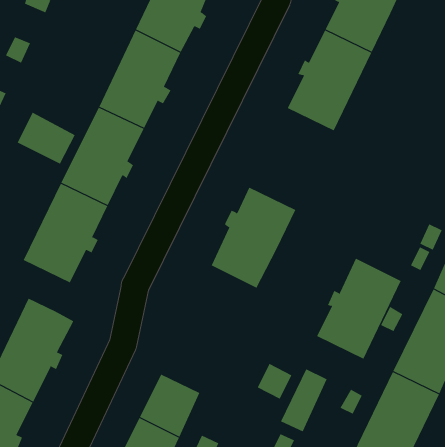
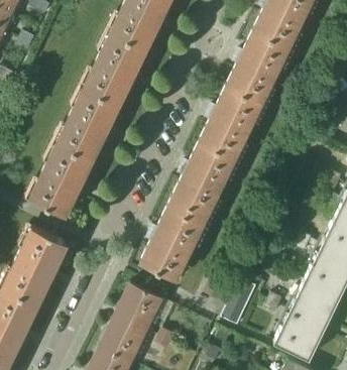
building: none -> [197,85,260,160]
building: [17,112,76,164] -> none
building: [316,258,402,359] -> [139,202,203,277]

